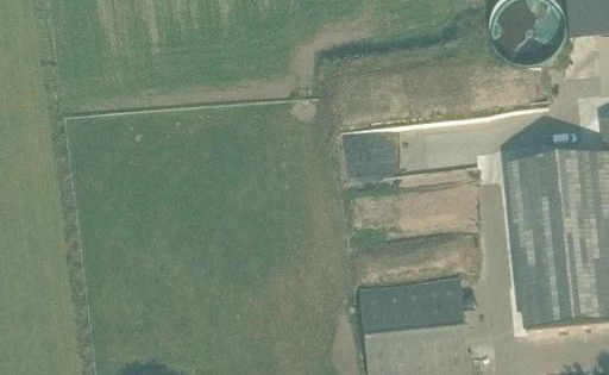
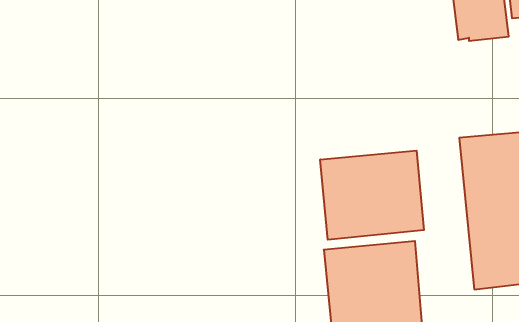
building: none -> [320,151,424,240]

